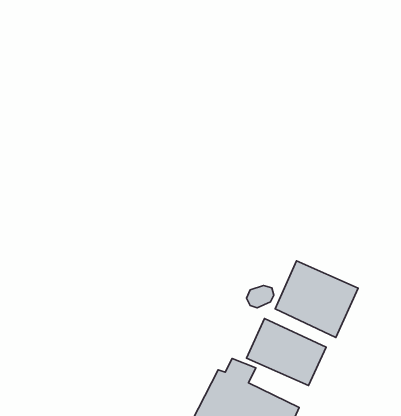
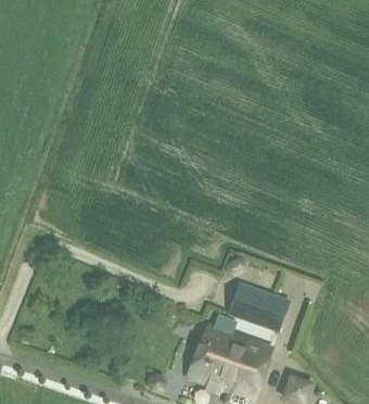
building: [275,261,358,337] -> none

